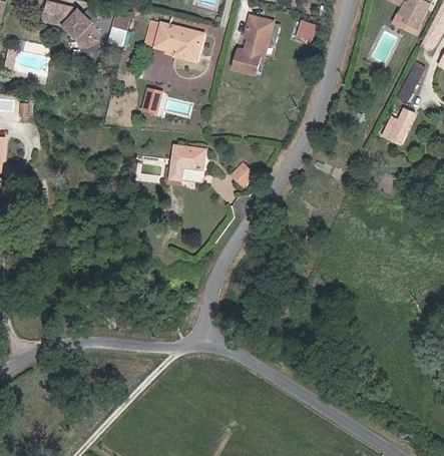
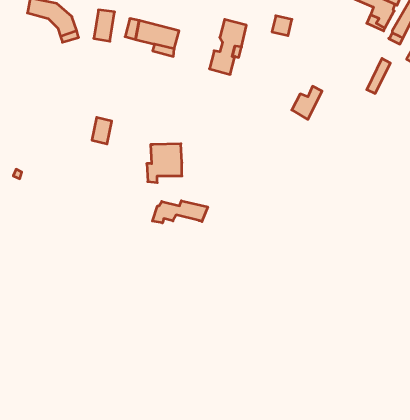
building: [142,86,163,114] -> [92,117,112,144]
building: [380,109,412,144] -> [292,86,322,119]
building: [230,159,256,185] -> none
building: none -> [152,201,208,223]

